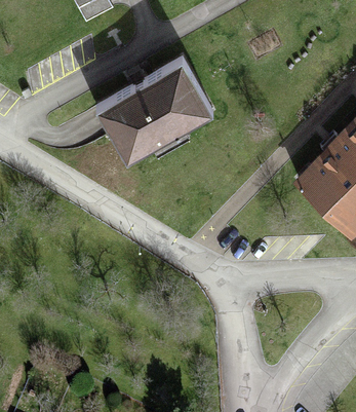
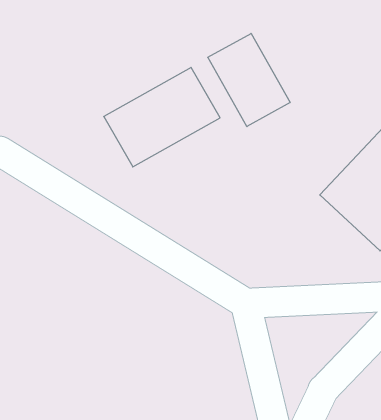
building: none -> [208,33,290,127]

